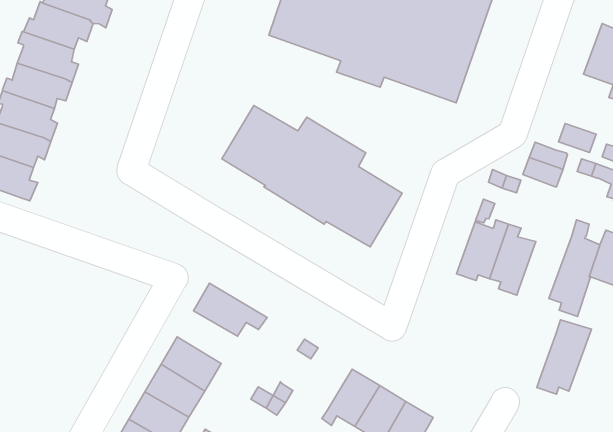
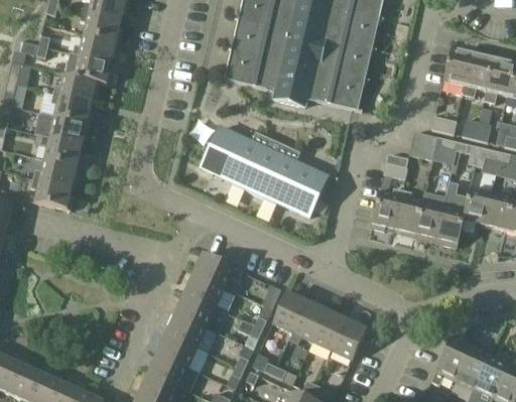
building: none -> [183,273,225,307]
building: [537,320,592,394] -> [414,189,447,241]
building: none -> [272,291,306,331]

